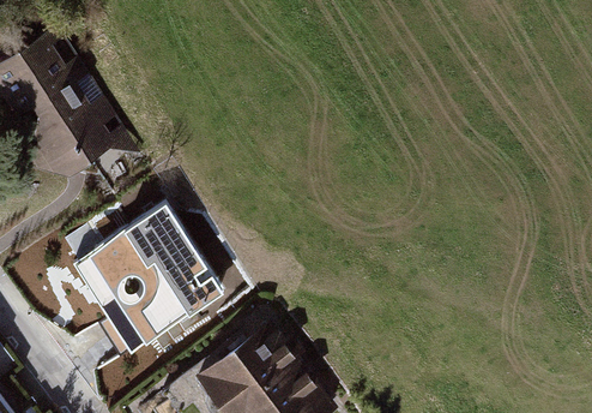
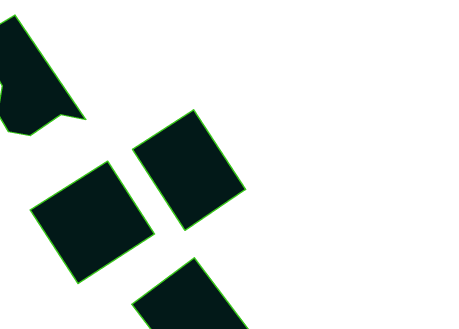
building: none -> [133,110,246,230]

